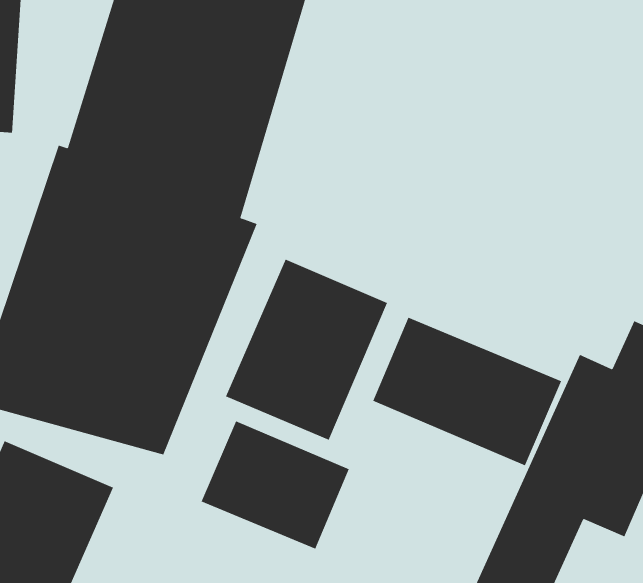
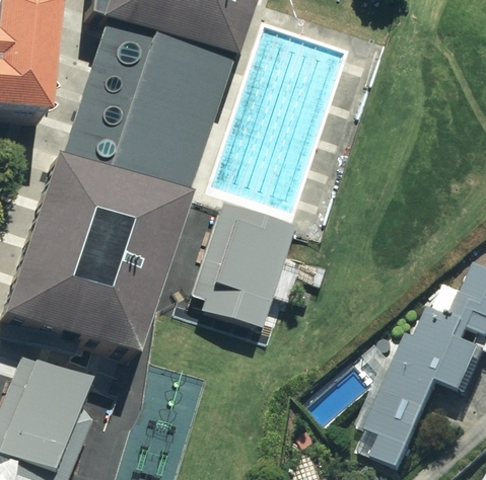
building: [372,317,562,466] -> none
building: [201,421,350,550] -> none

